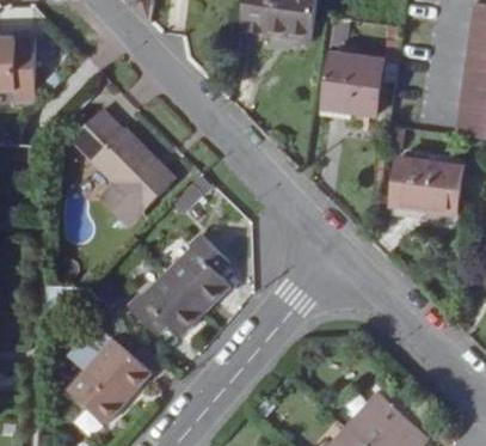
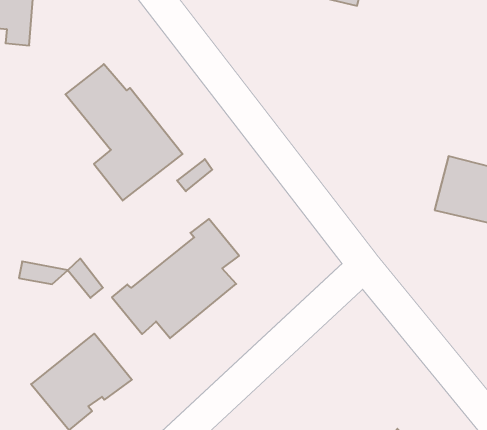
building: [319,54,381,116] -> none

